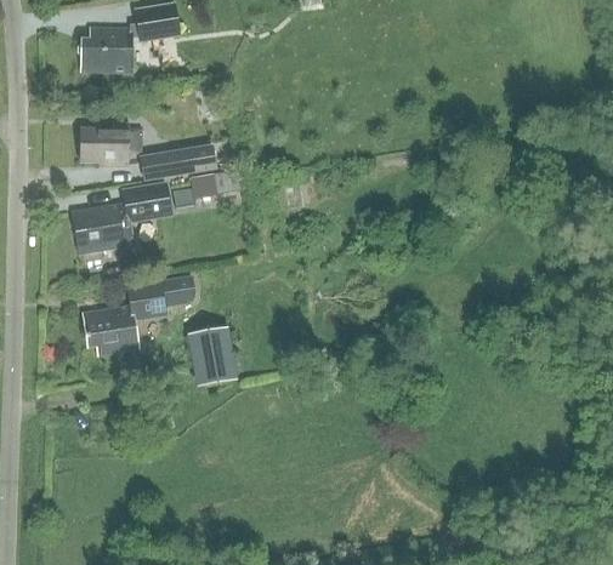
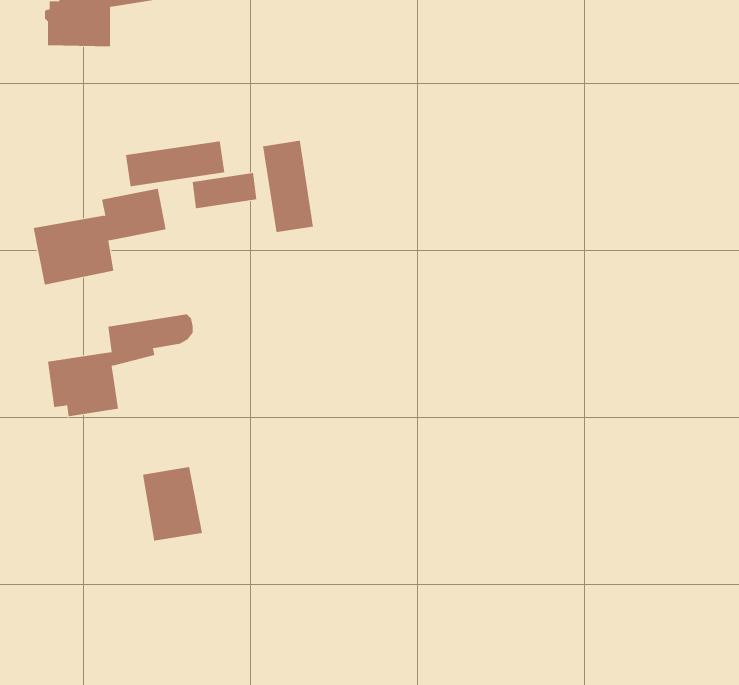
building: [80,122,141,166] -> none
building: none -> [263,140,314,233]
building: [189,327,235,384] -> [142,467,203,541]

